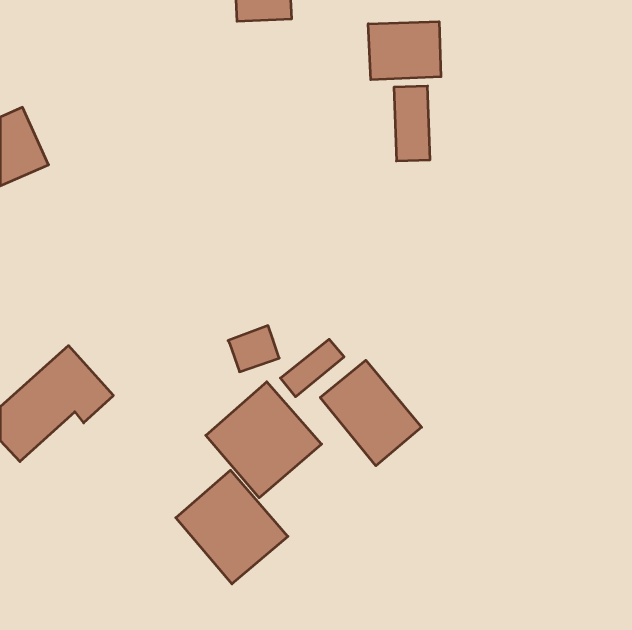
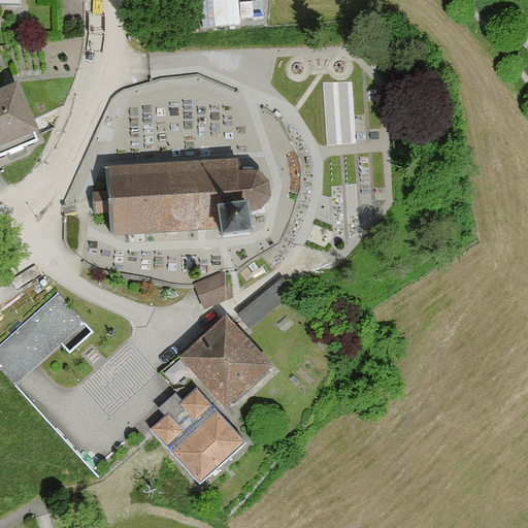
building: [368,22,441,80] -> none
building: none -> [106,158,267,236]
building: [320,360,422,466] -> none

